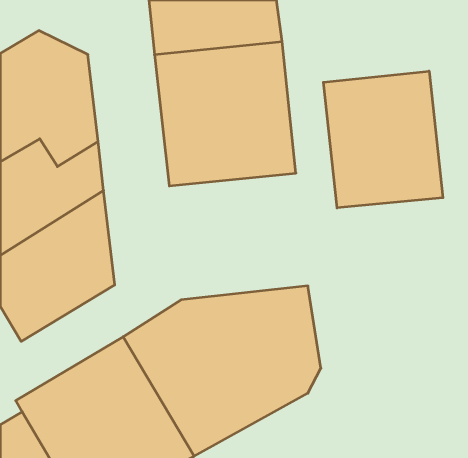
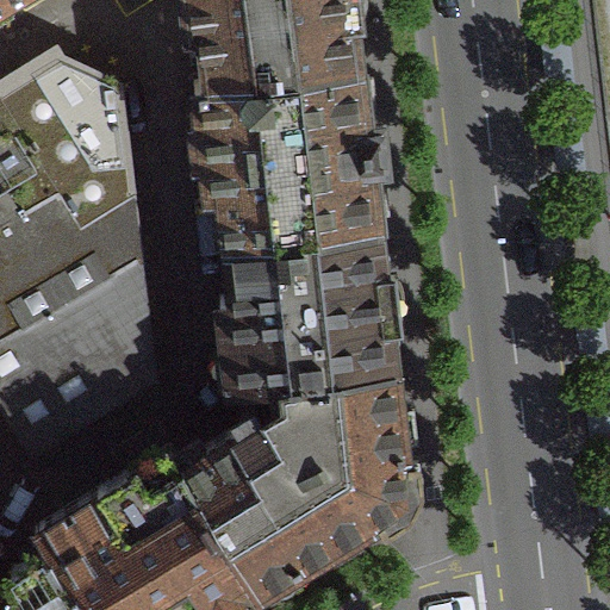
building: [323,71,443,208] -> none
building: none -> [224,242,403,405]

